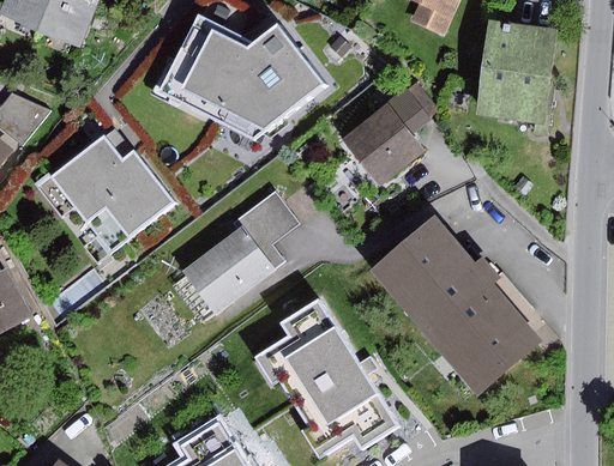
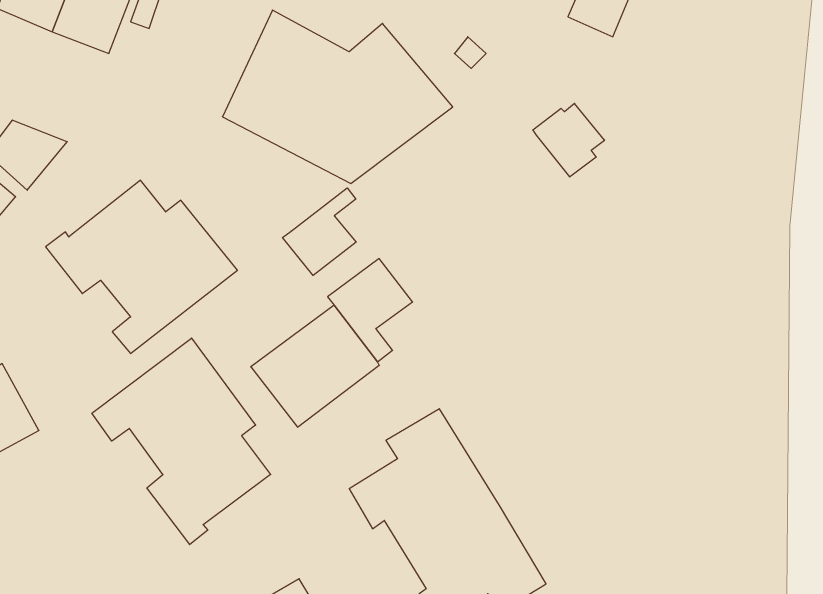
building: [476,20,556,122] -> none
building: [342,103,426,187] -> none
building: none -> [283,188,356,275]
building: [373,218,541,394] -> none
building: none -> [92,338,271,545]

